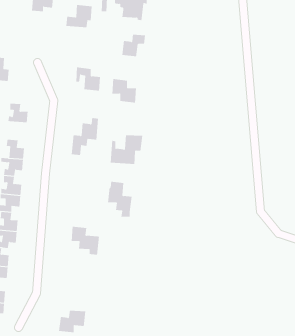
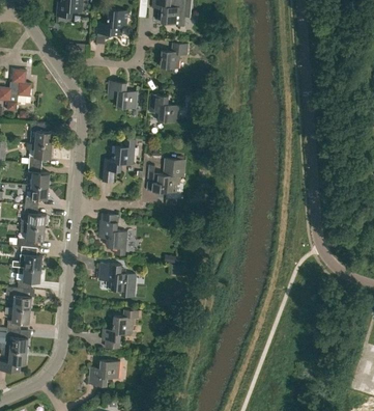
building: none -> [26,143,53,165]
building: [107,181,132,217] -> [98,214,127,255]
building: none -> [102,308,138,349]

